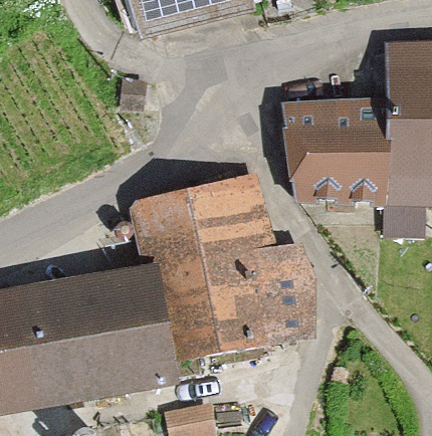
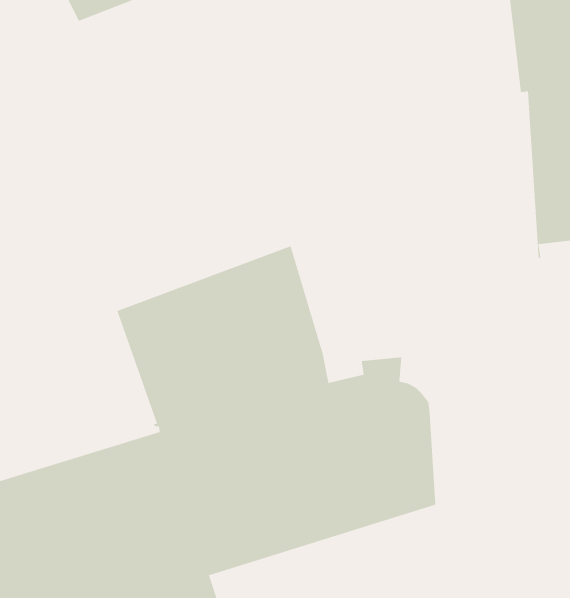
building: [283,98,391,202] -> none

